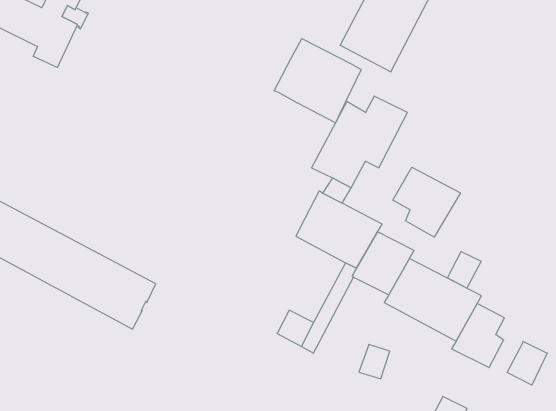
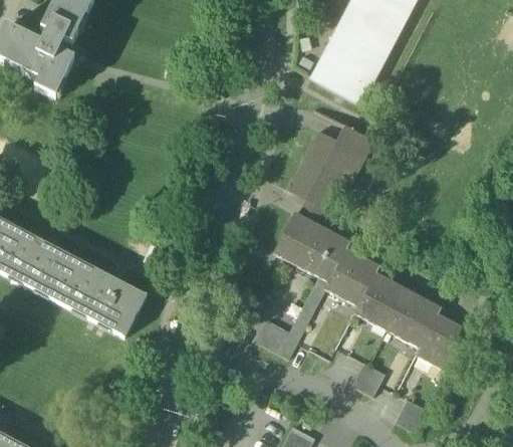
building: [274,39,361,123] -> none
building: [393,167,460,237] -> none
building: [447,252,481,288] -> none
building: [507,341,547,385] -> none
building: none -> [351,362,386,396]

